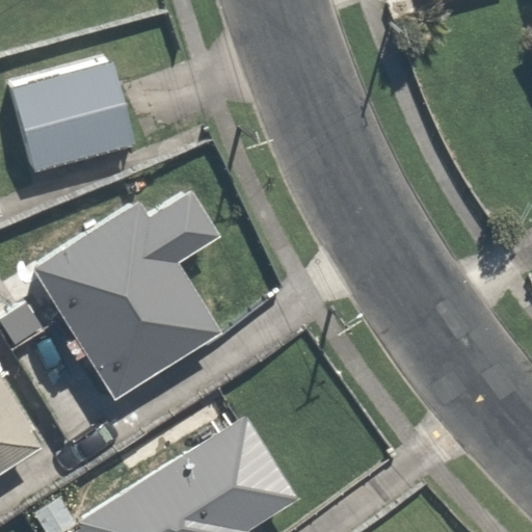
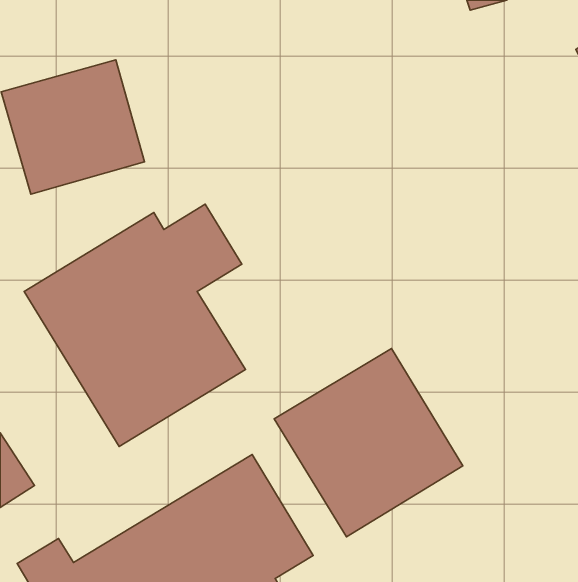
building: none -> [274,348,463,537]

